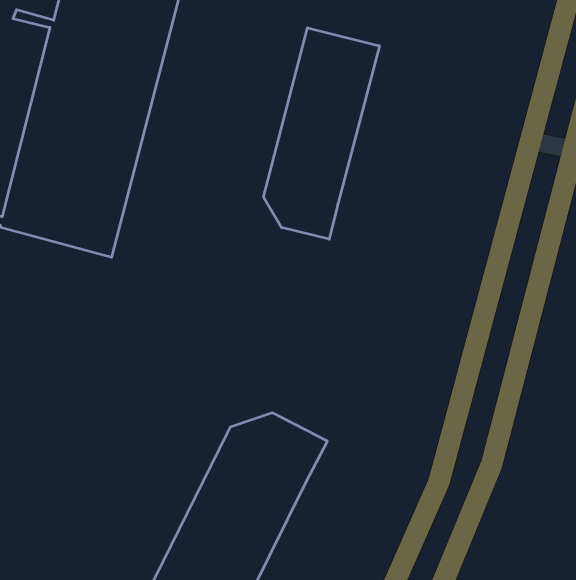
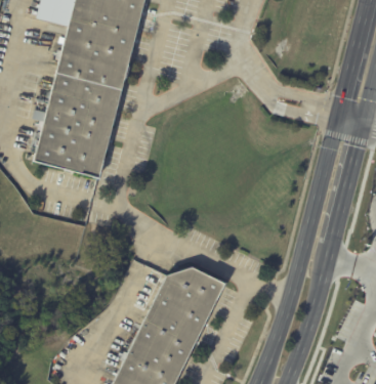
building: [264,28,379,239] -> none

